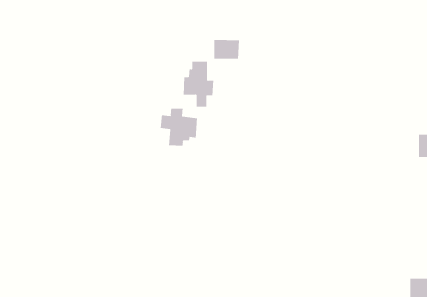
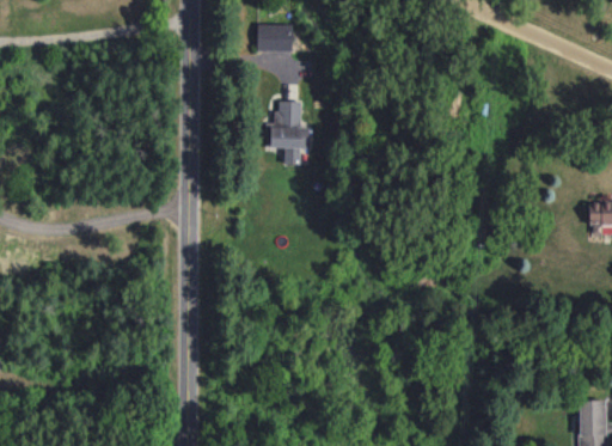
building: [214,39,240,59] -> [258,24,294,51]
building: [160,108,198,147] -> none

